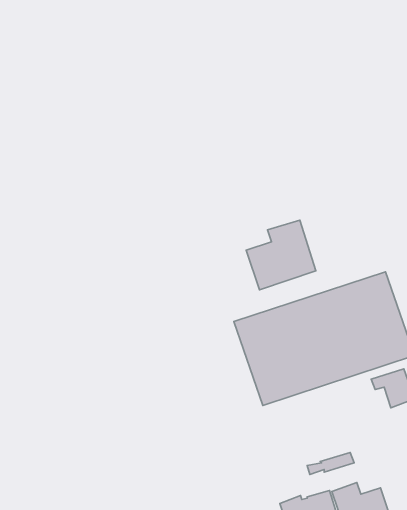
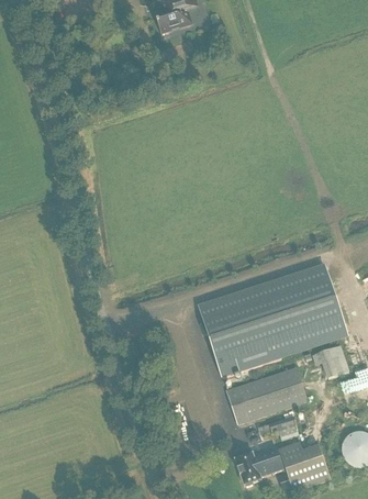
building: [246,220,316,290] -> none
building: none -> [226,367,308,423]

